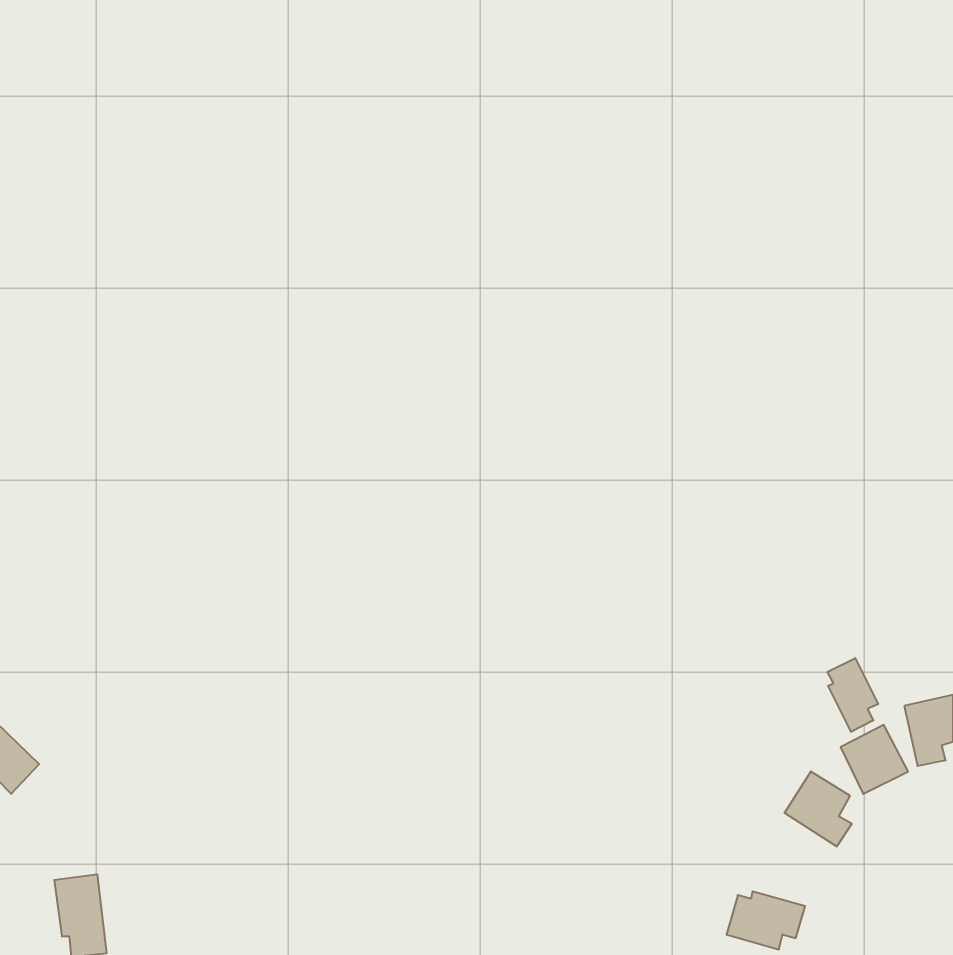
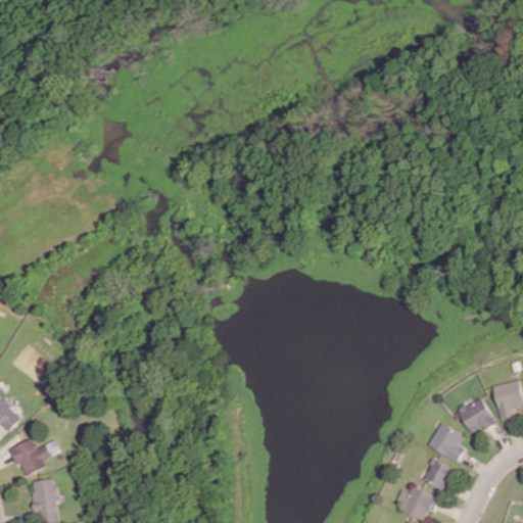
building: [828,658,878,732] -> none
building: none -> [10,438,59,477]
building: none -> [423,459,454,490]

